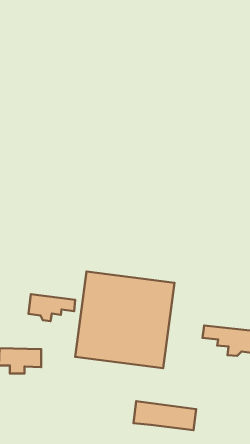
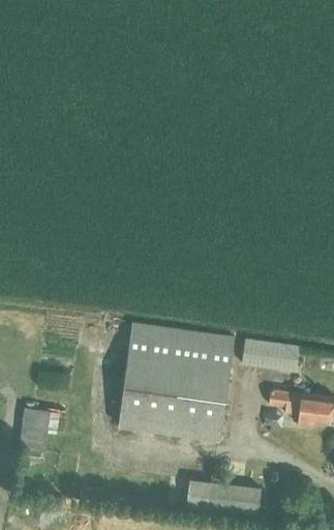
building: none -> [242,338,299,371]
building: [28,294,75,321] -> none

